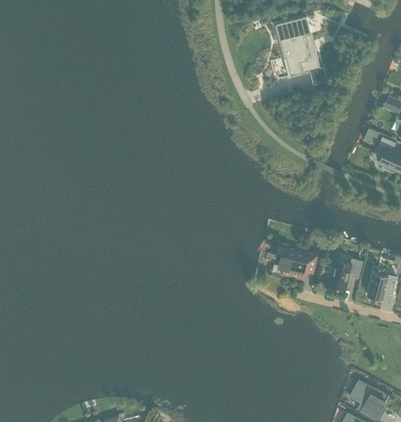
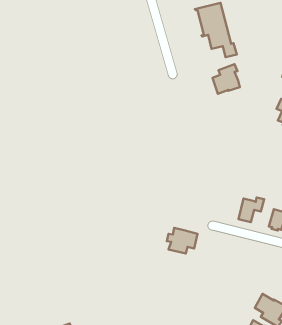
building: none -> [213,64,240,94]
building: [279,249,317,281] -> [167,228,197,253]

